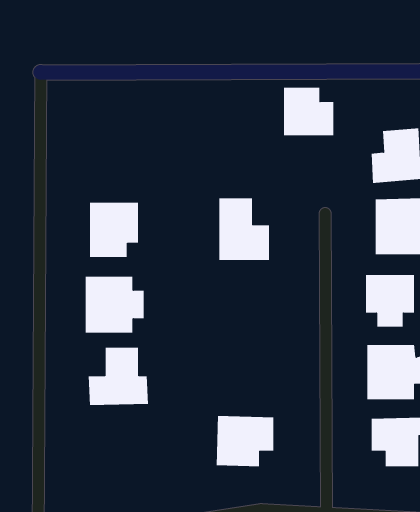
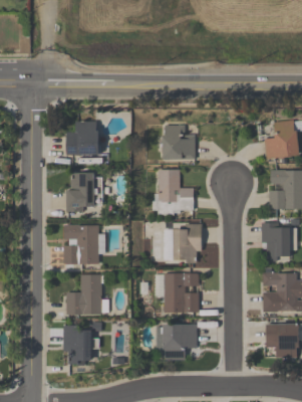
building: [283,87,334,136] -> [159,125,195,159]
building: none -> [66,121,99,156]
building: none -> [164,223,202,262]
building: none -> [154,271,199,314]
building: none -> [63,325,91,365]

